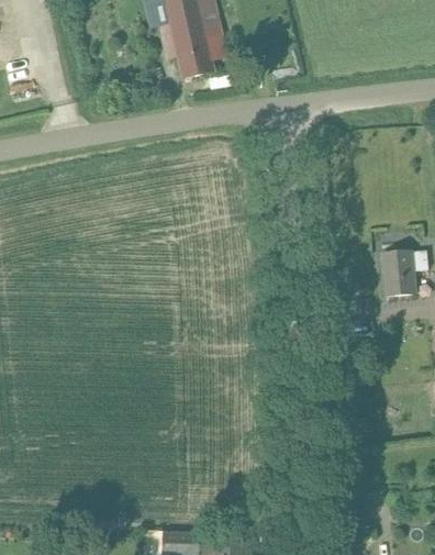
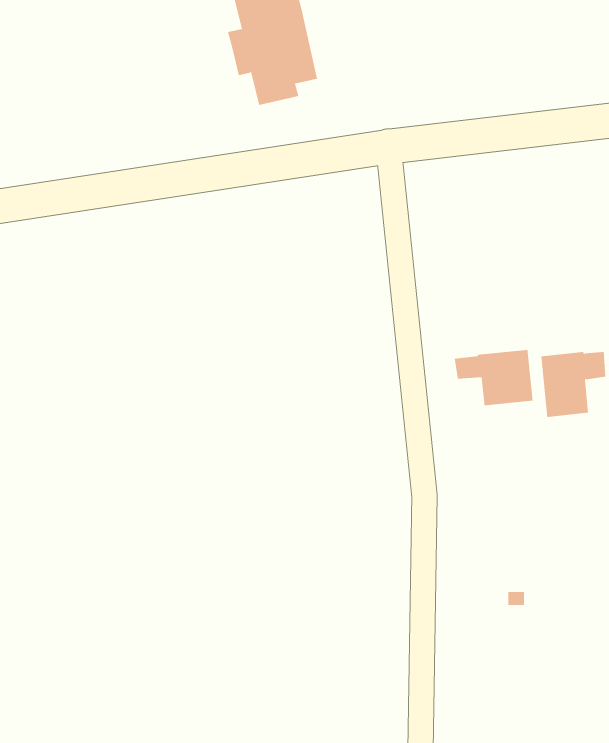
building: none -> [454,349,533,406]

